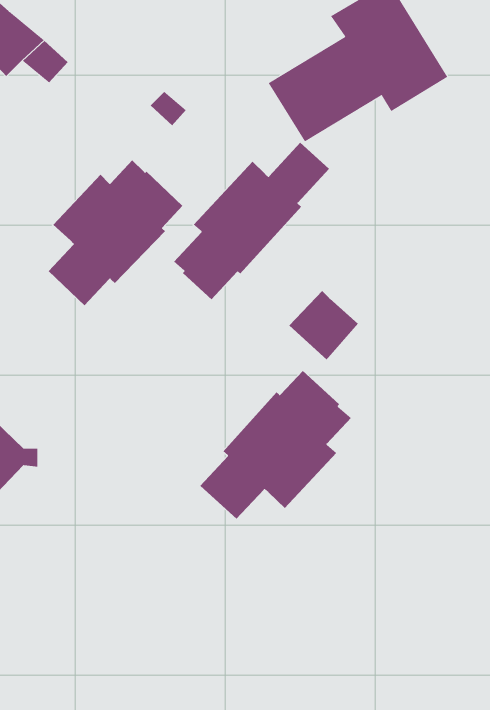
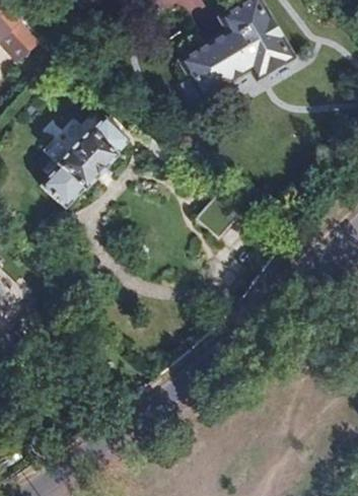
building: [173,142,330,300] -> none
building: [200,370,352,520] -> none

